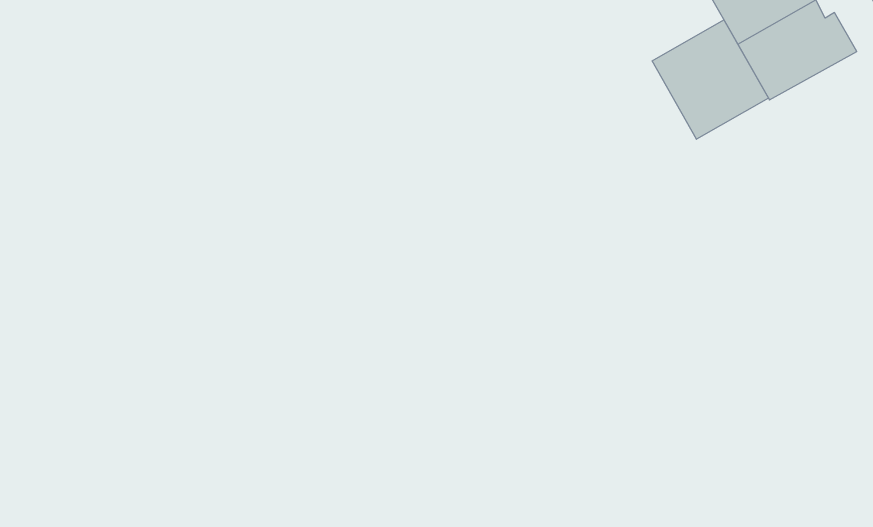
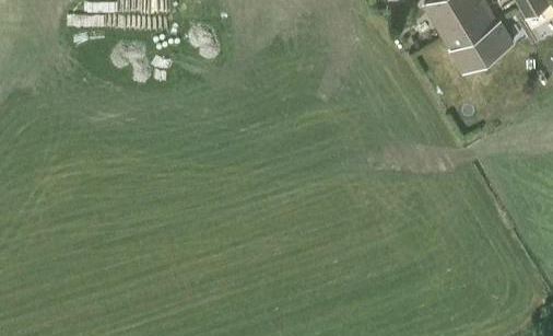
building: [652,20,768,139] -> none

